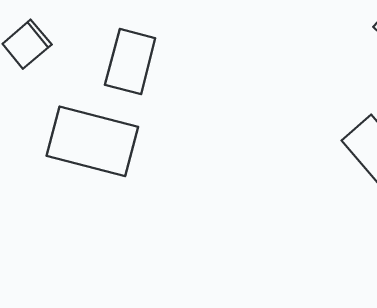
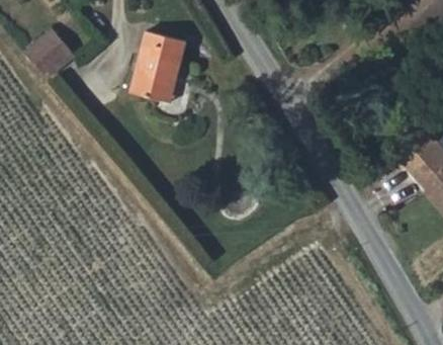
building: [46,106,138,176] -> none

